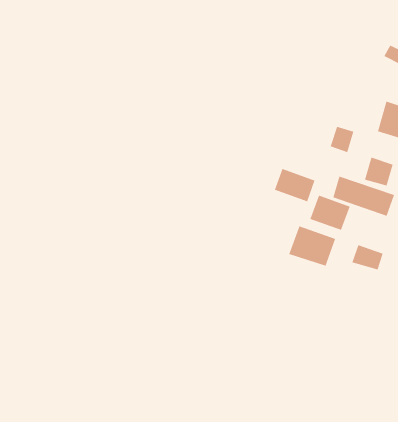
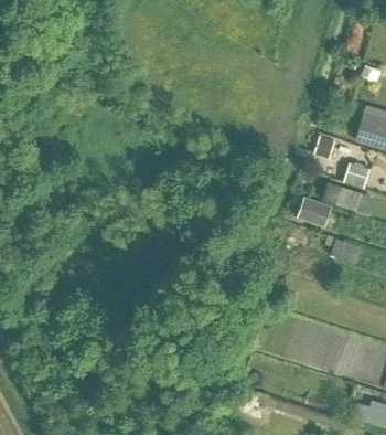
building: [274,168,315,202] -> none
building: [289,225,336,267] -> none

